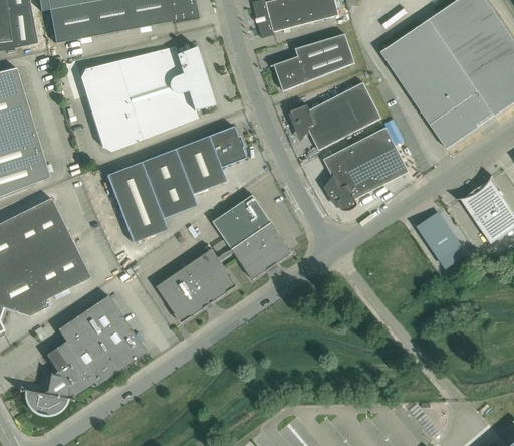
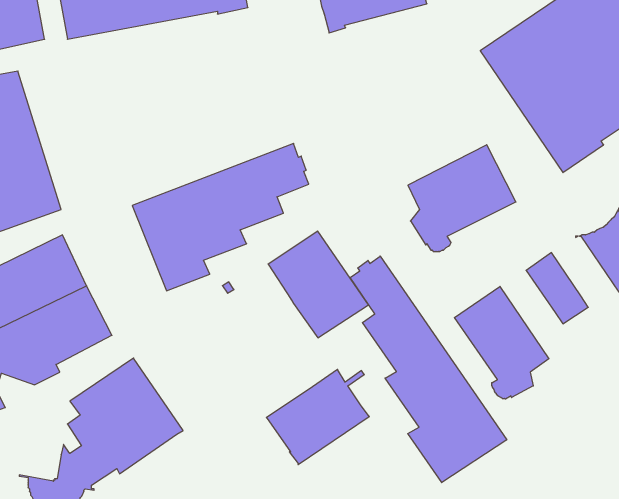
building: [269,29,354,91] -> none
building: [79,46,214,151] -> none
building: [290,82,380,150] -> none
building: none -> [350,256,507,483]
building: none -> [454,286,549,399]
building: [156,248,237,323] -> [266,369,369,465]

